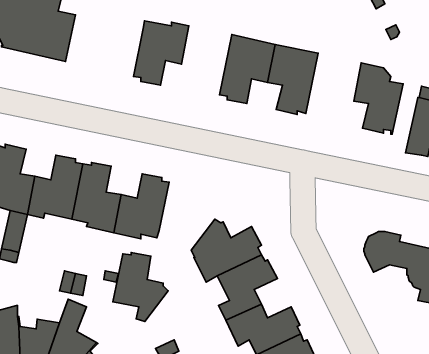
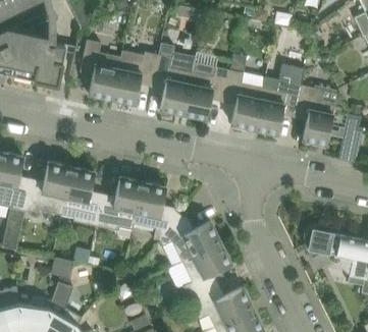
building: none -> [80,40,120,98]
building: none -> [152,44,195,113]
building: none -> [255,65,304,134]
building: [113,252,168,321] -> [134,183,179,240]

